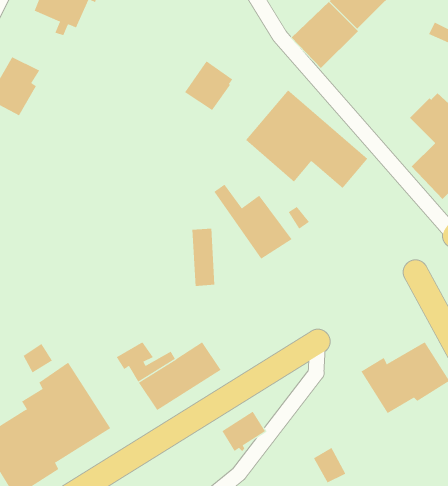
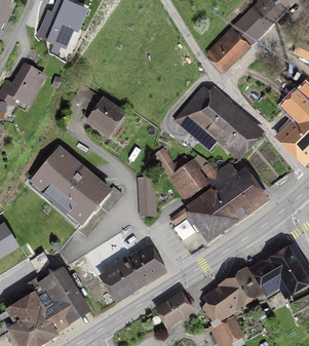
building: [184,61,233,111] -> [90,99,122,131]
building: none -> [34,149,109,222]
building: none -> [171,174,262,238]
building: none -> [201,272,258,324]

